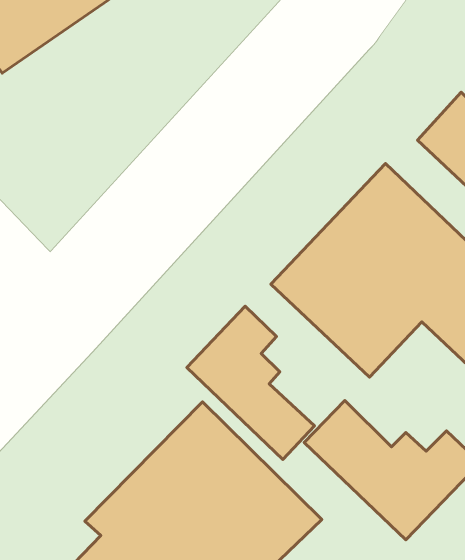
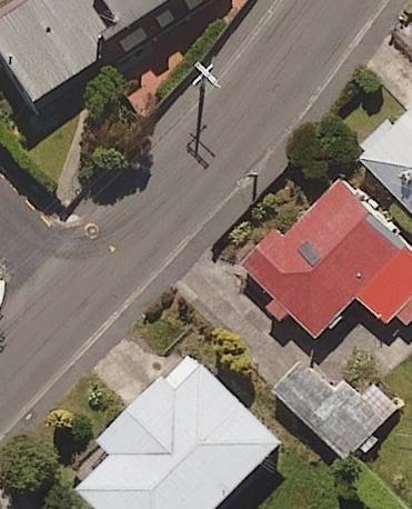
building: [187,306,315,460] -> none

